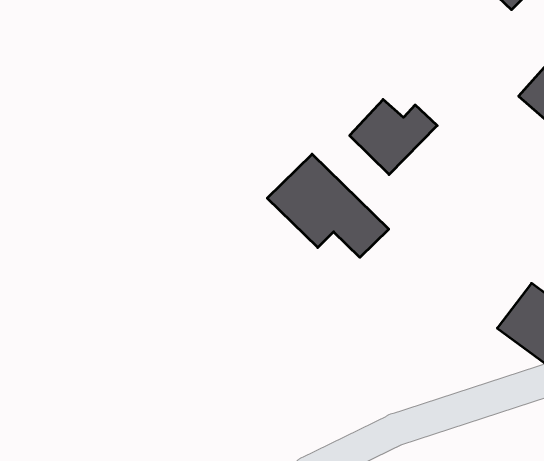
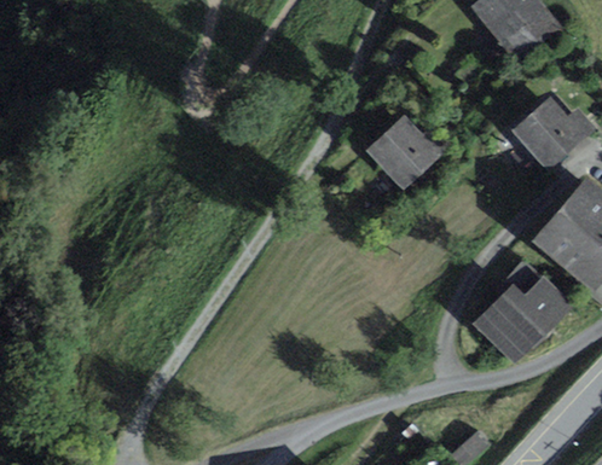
building: [267,154,389,257] -> none

